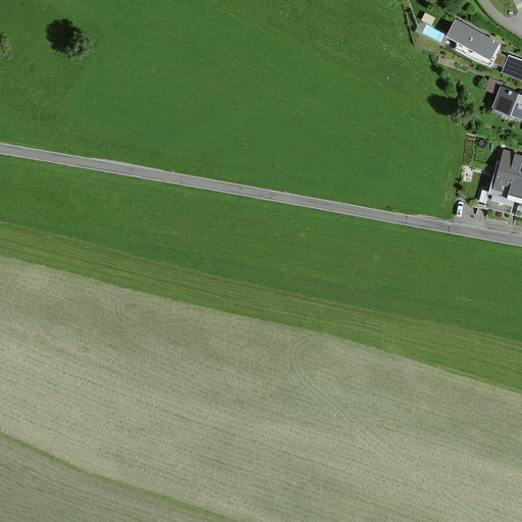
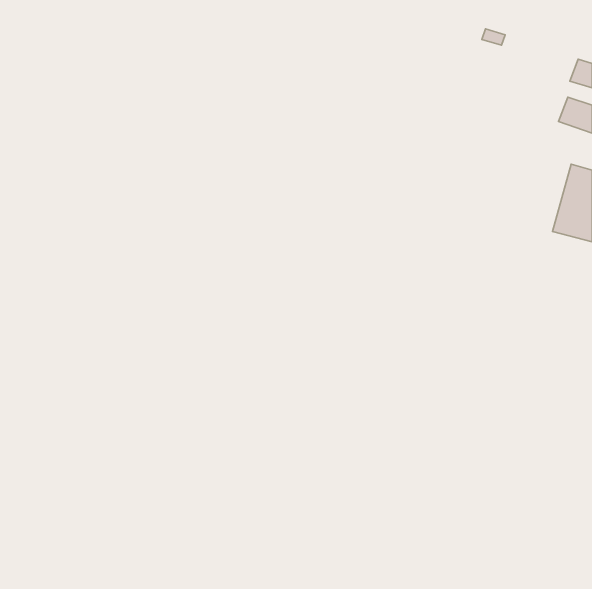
building: [456,23,505,65] -> none

